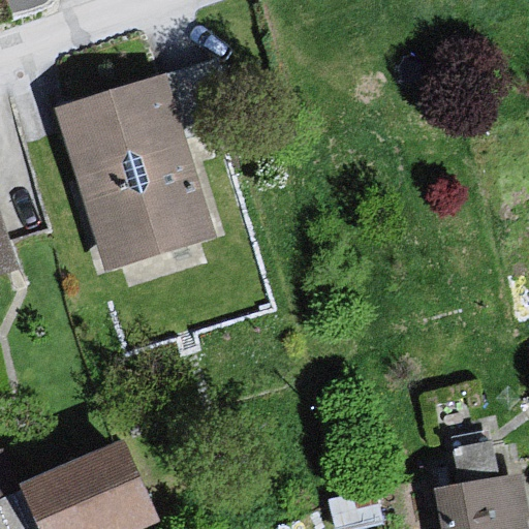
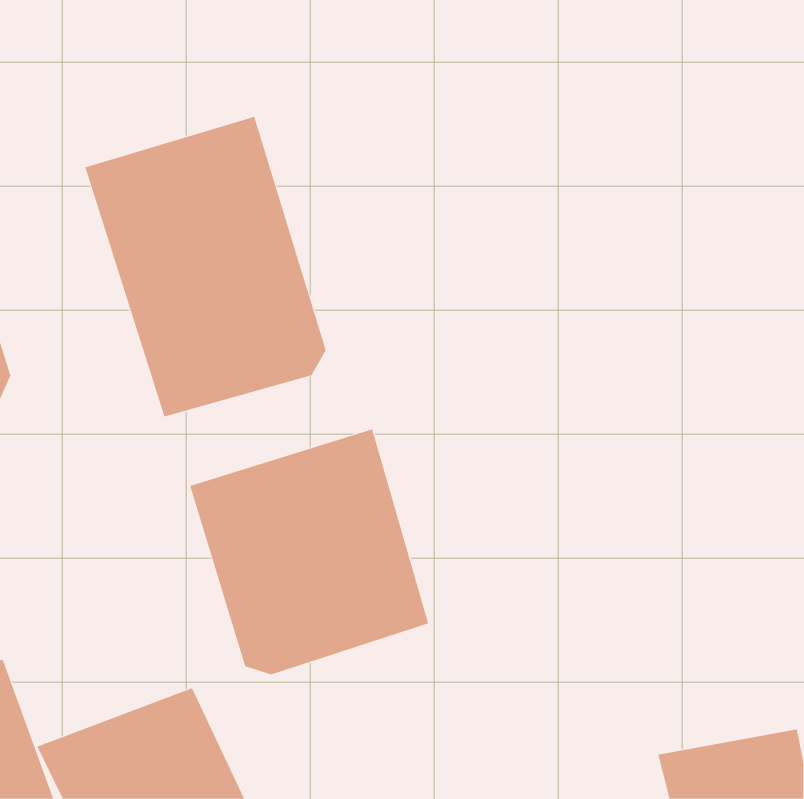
building: none -> [189,428,429,675]

